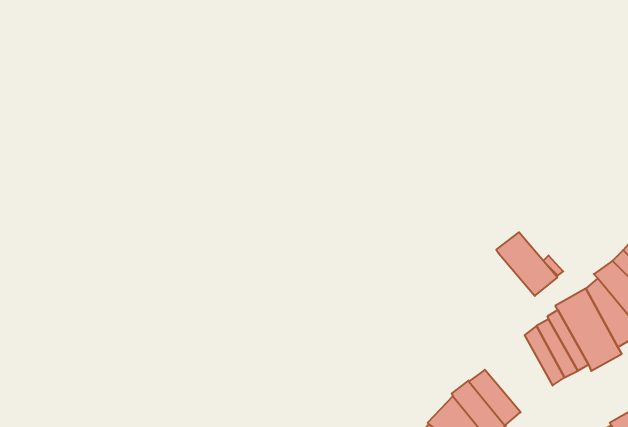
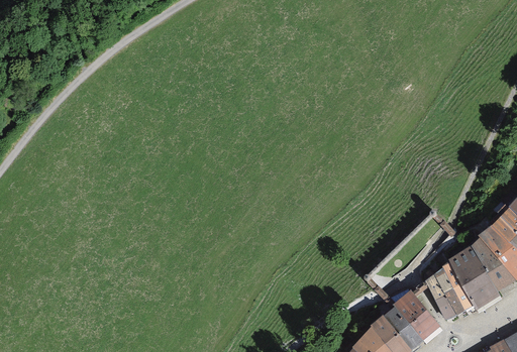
building: [496,232,557,296] -> [394,291,440,340]

